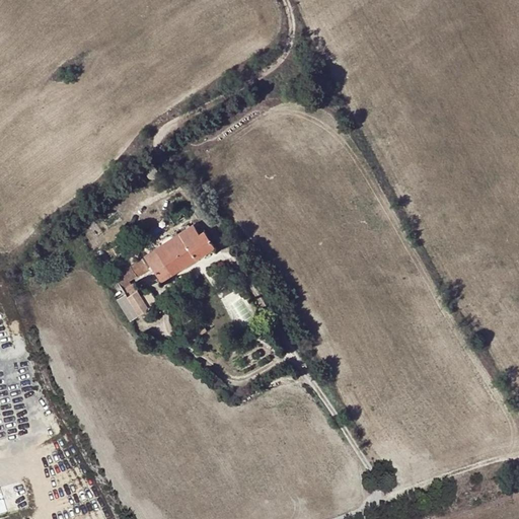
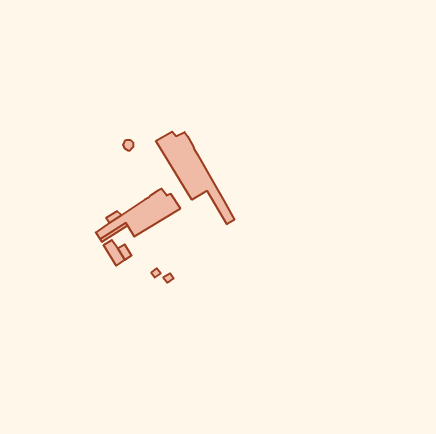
building: none -> [156,132,234,224]

